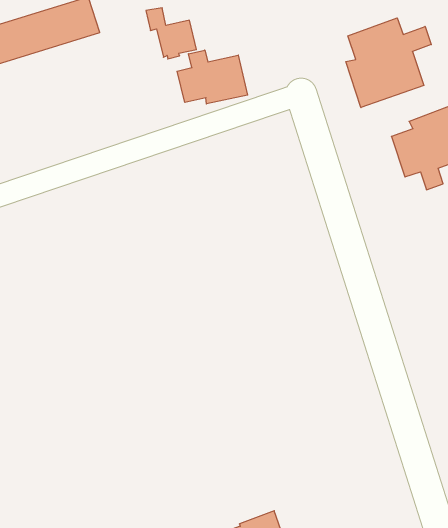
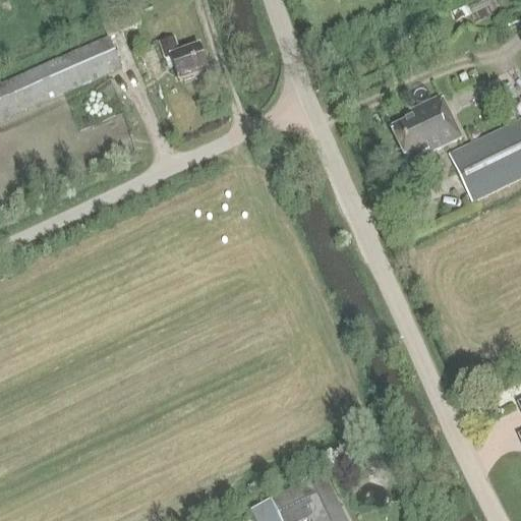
building: [346,18,431,108] -> none
building: [177,50,248,104] -> none

